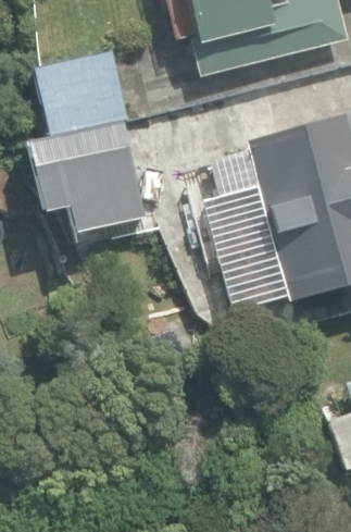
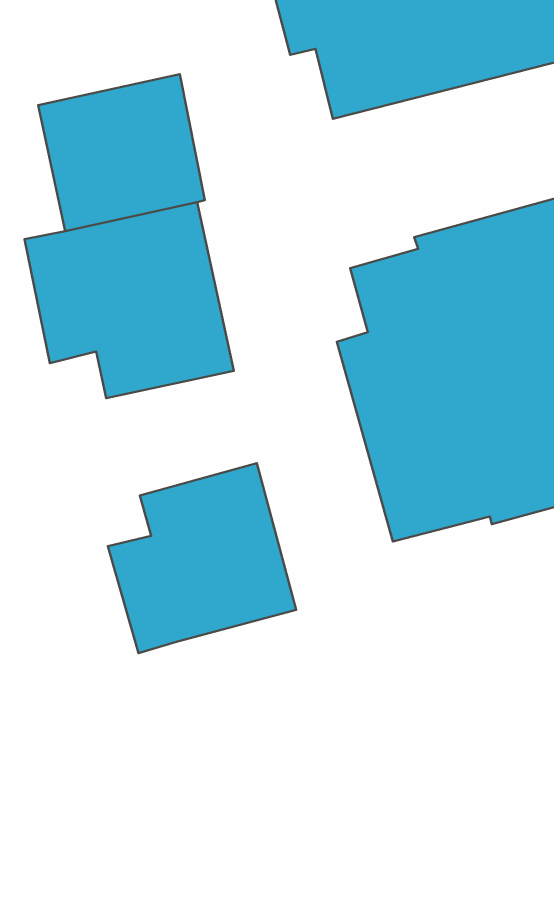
building: none -> [108,463,296,653]

